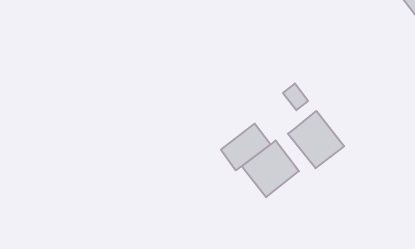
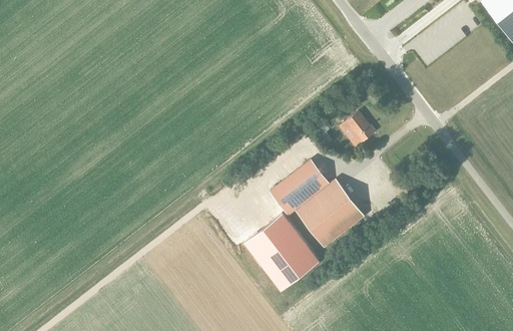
building: [288,111,344,168] -> none
building: none -> [244,214,320,291]

